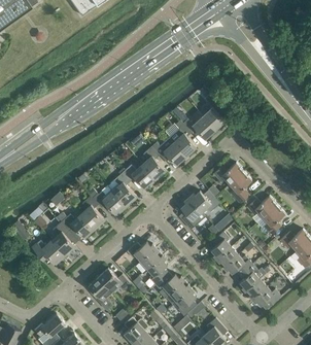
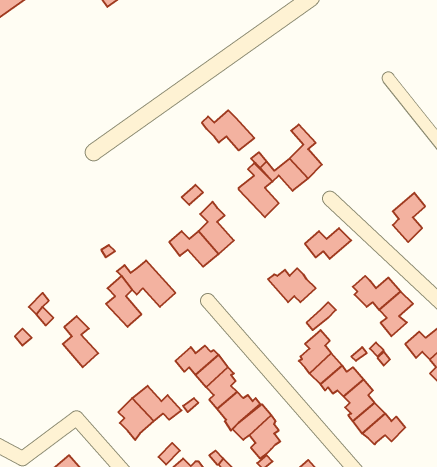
building: [151,137,186,164] -> [202,110,254,150]
building: [230,171,251,204] -> [393,193,425,242]
building: [107,172,136,206] -> none
building: [178,197,202,230] -> none
building: [57,212,95,238] -> none
building: [32,240,65,264] -> none

